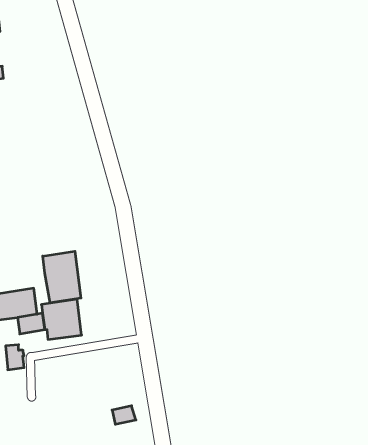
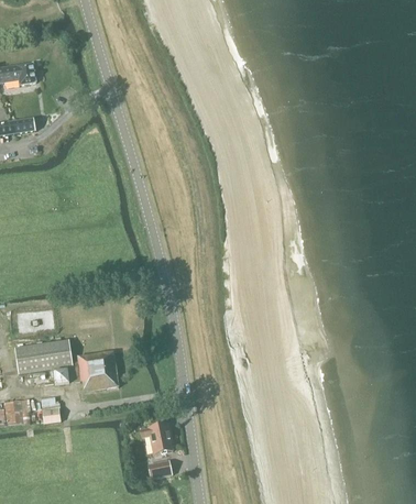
building: [43,251,81,303] -> none
building: none -> [140,425,172,454]

